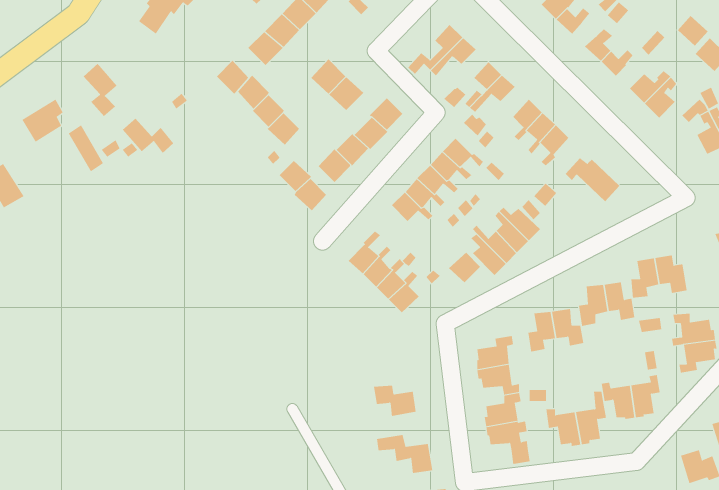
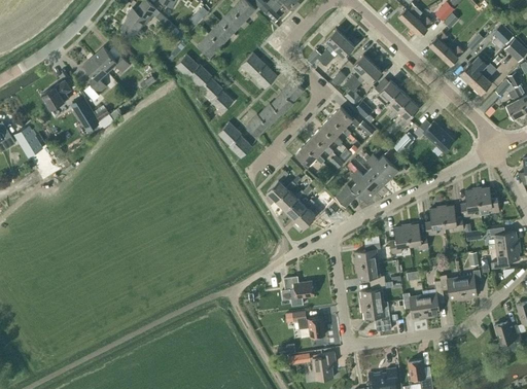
building: [122,118,174,154] -> [94,47,130,72]

